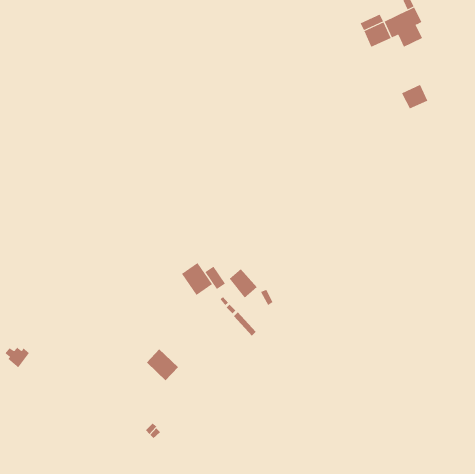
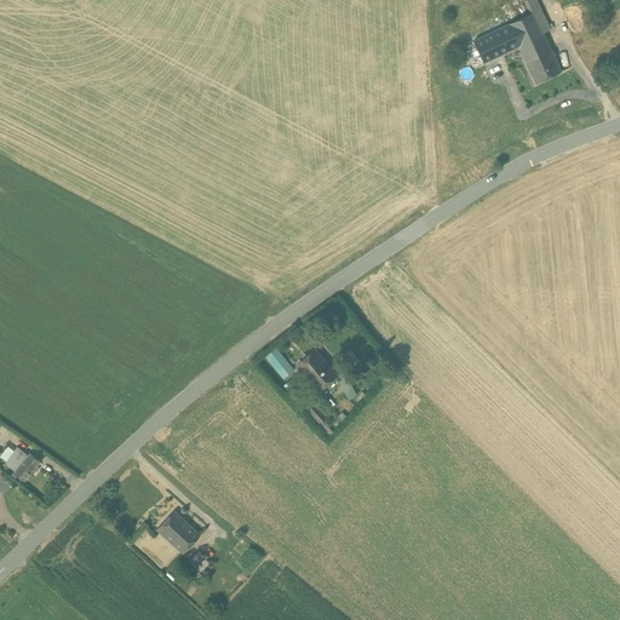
building: [401,84,428,109] -> [526,50,561,82]
building: [181,262,213,296] -> none
building: [146,349,179,381] -> [157,510,200,552]

